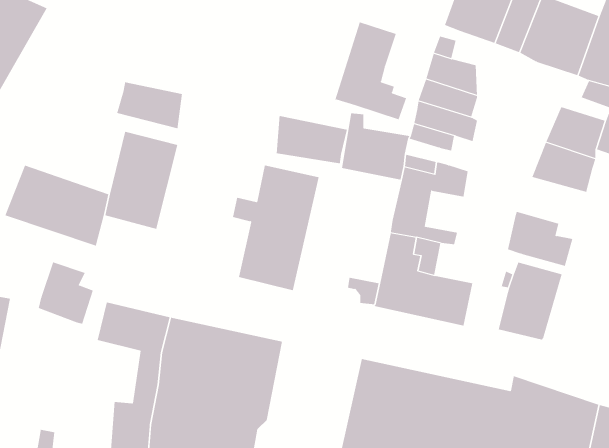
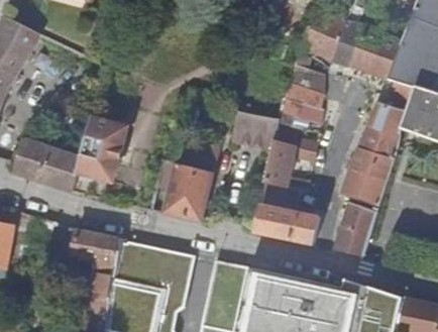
building: [335,22,407,120] -> none
building: [117,82,182,129] -> none
building: [276,115,348,164] -> none
building: none -> [347,147,394,188]
building: [38,262,94,325] -> none

